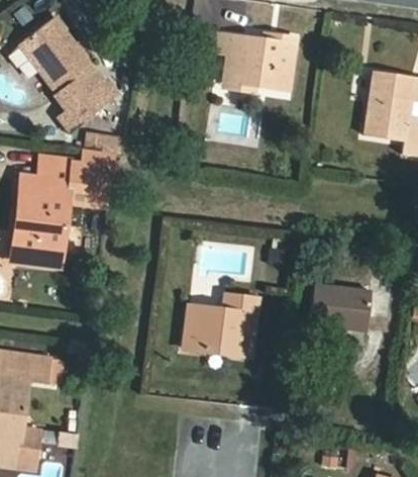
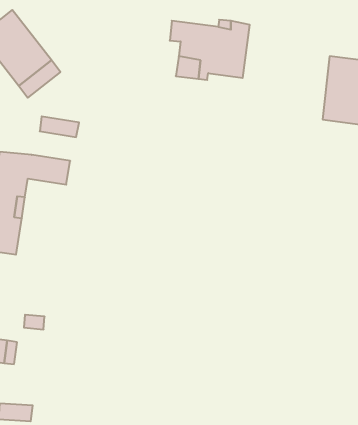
building: [61,86,117,136] -> none
building: [307,285,369,330] -> none
building: [181,293,259,358] -> none

